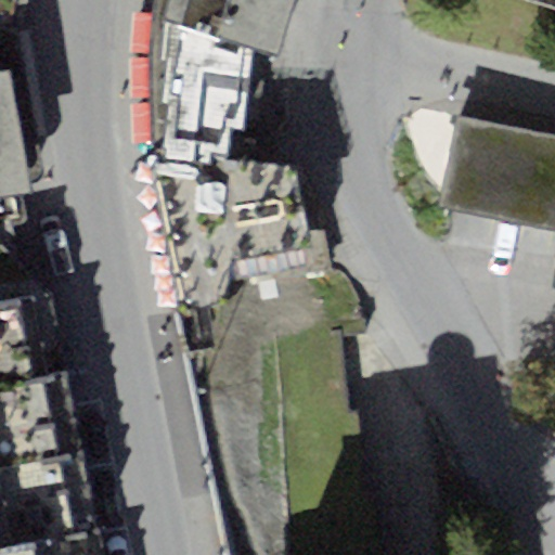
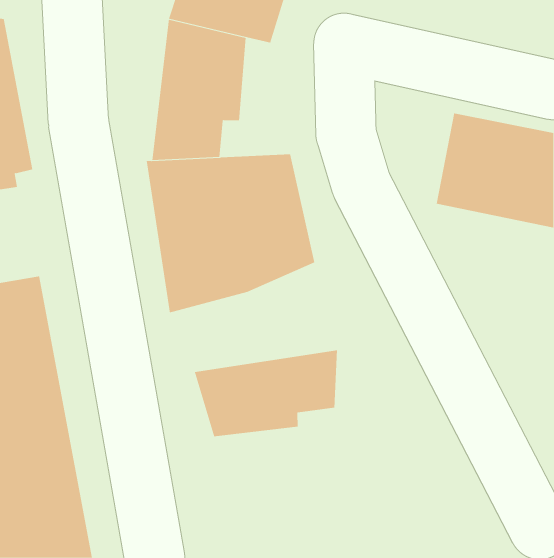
building: none -> [194,350,338,437]

